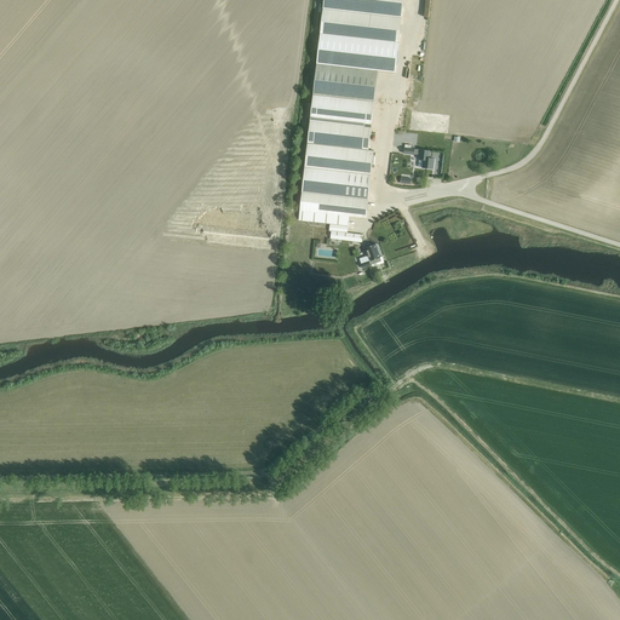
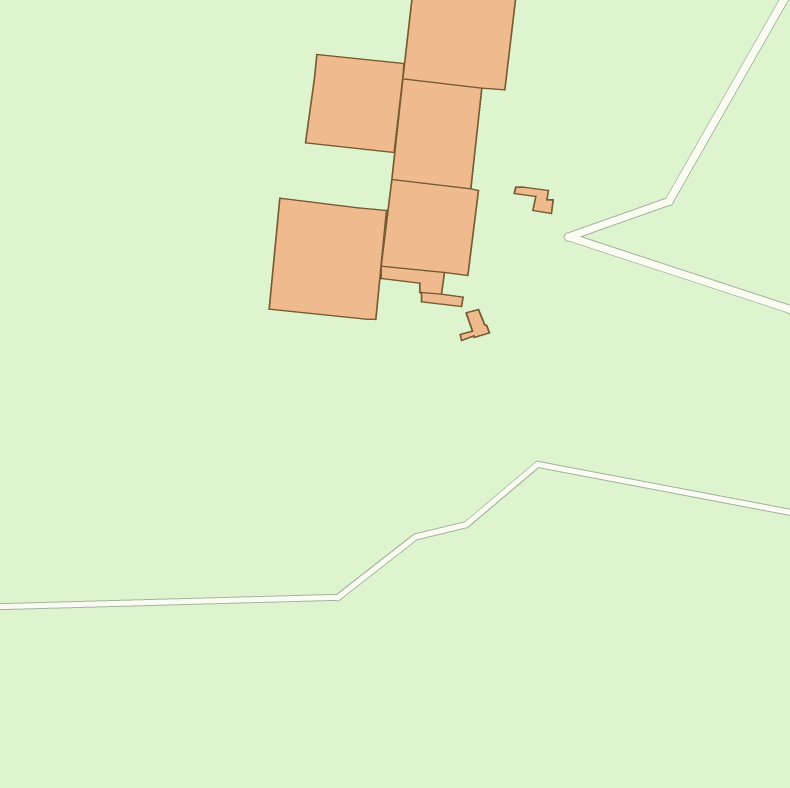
building: none -> [306,54,404,152]
building: none -> [269,198,386,319]

